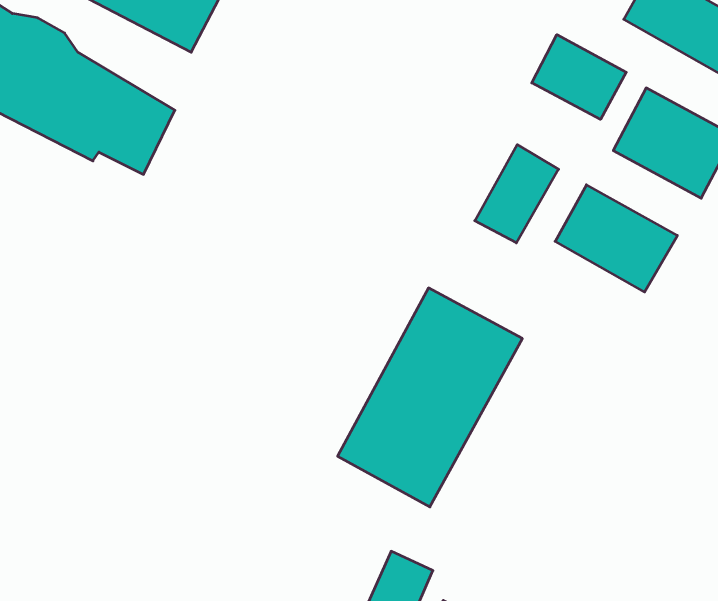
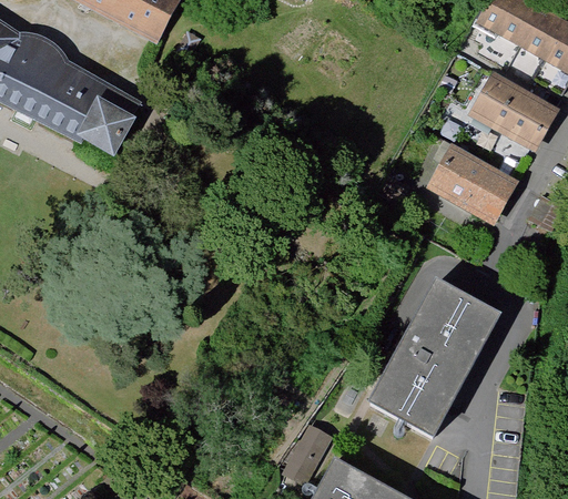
building: [532,35,626,119] -> none
building: [475,145,559,243] -> none
building: [338,288,522,507] -> [367,272,505,435]

